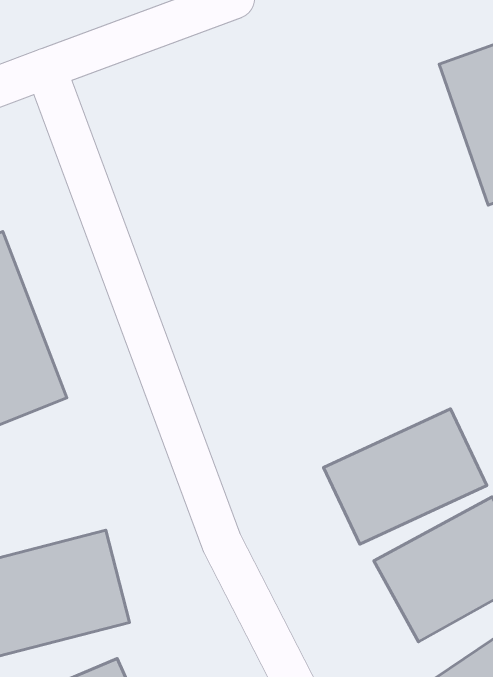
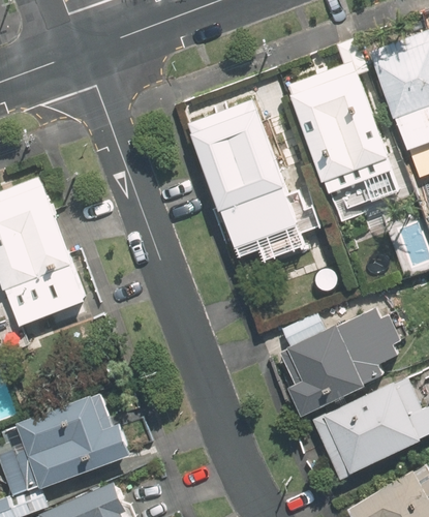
building: none -> [284,60,381,175]
building: none -> [197,102,297,241]

